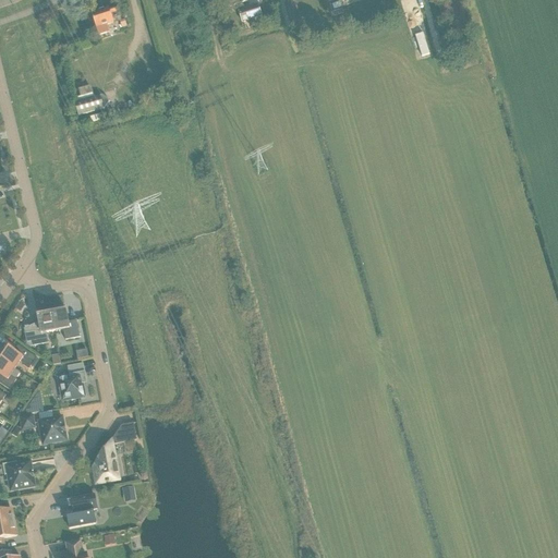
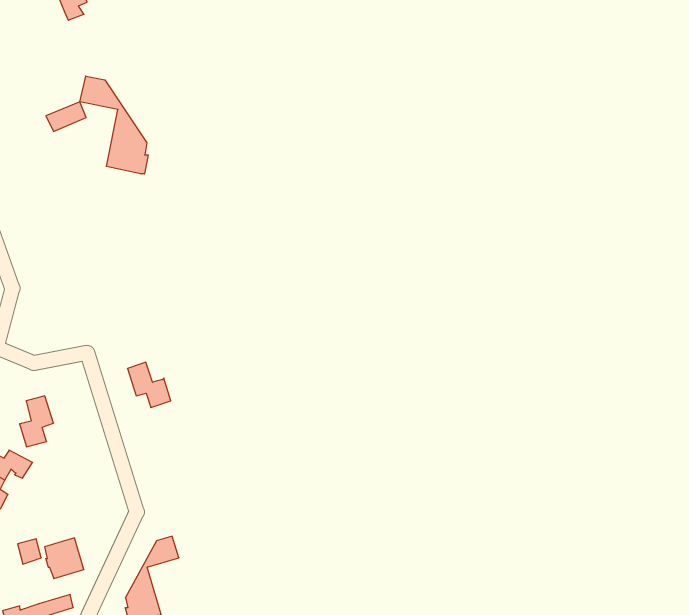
building: none -> [80,76,148,174]
building: [50,304,80,338] -> [127,362,171,408]
building: [58,362,86,398] -> none

